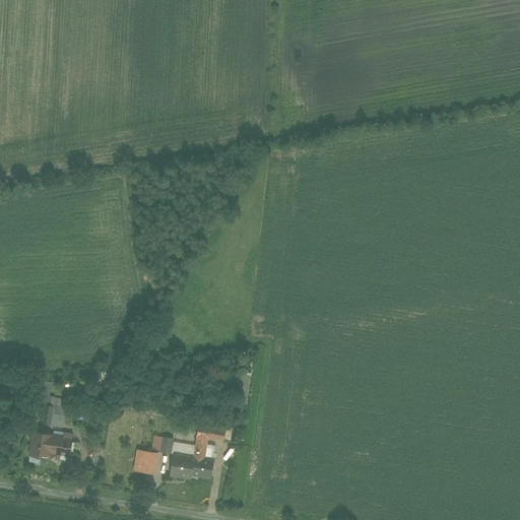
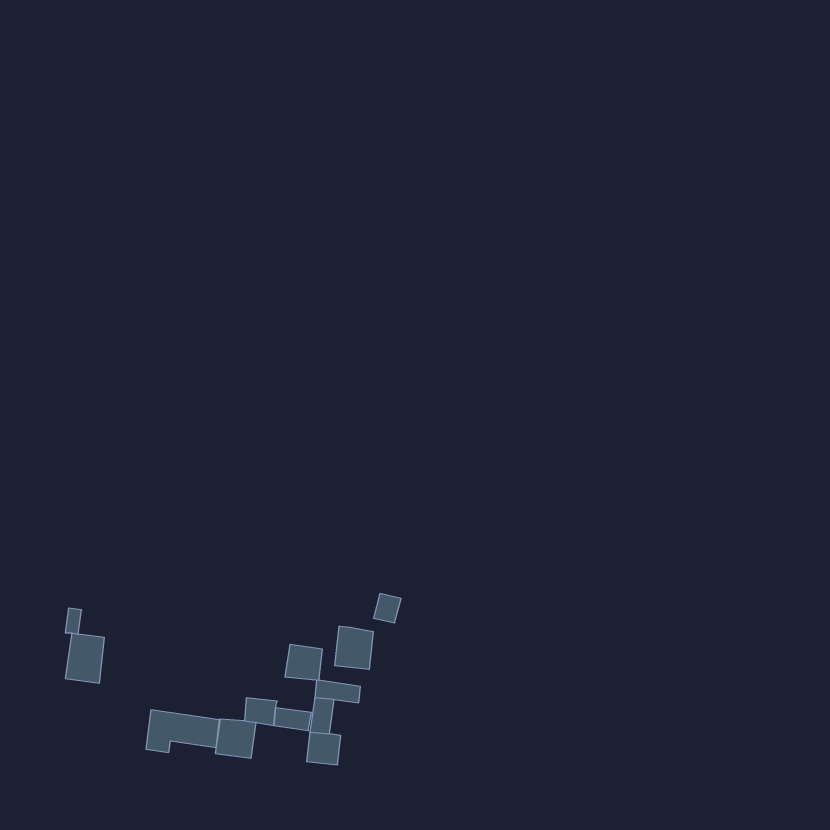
building: none -> [335,626,373,670]
building: [27,432,73,458] -> [146,710,219,752]
building: [170,455,193,477] -> [285,644,322,680]

